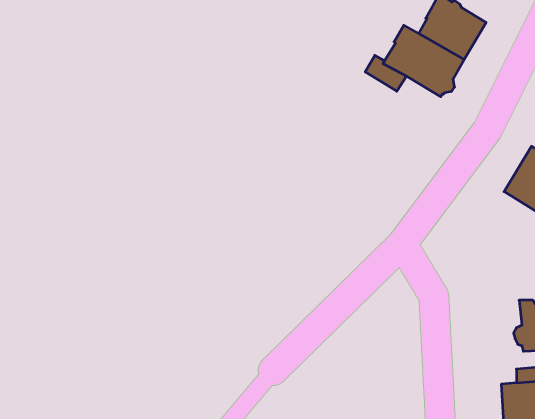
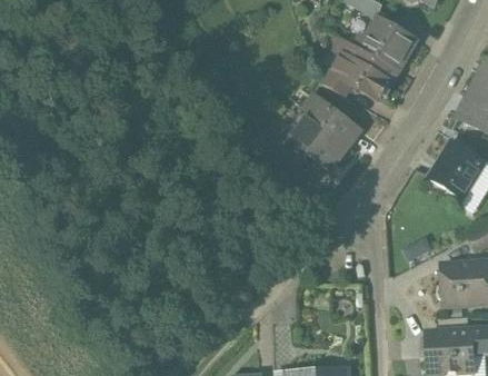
building: none -> [289,92,359,167]

